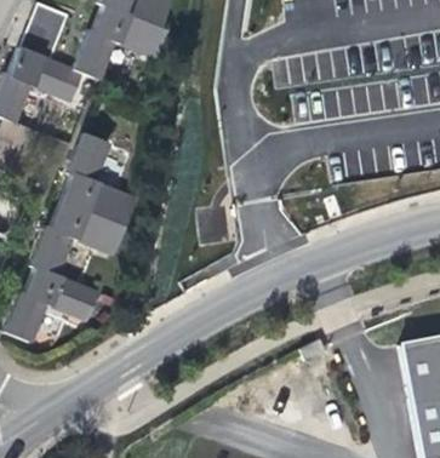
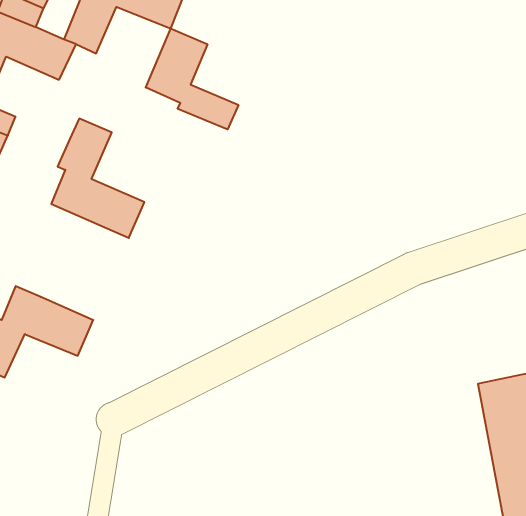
building: none -> [146,29,238,129]
building: [30,197,124,270] -> none

